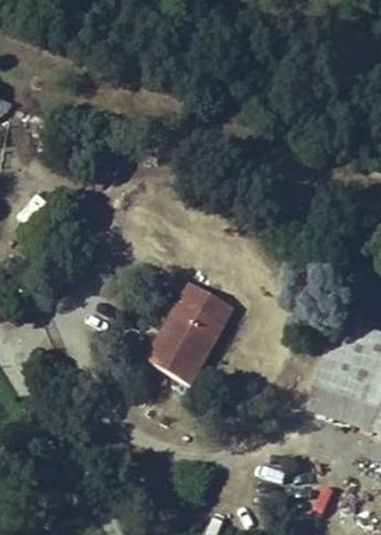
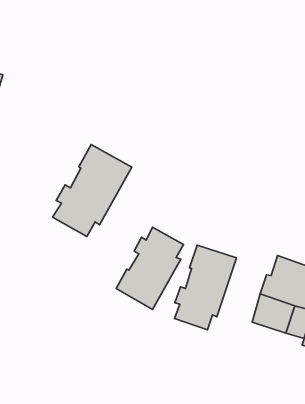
building: none -> [53,145,132,237]
building: none -> [174,245,237,330]

